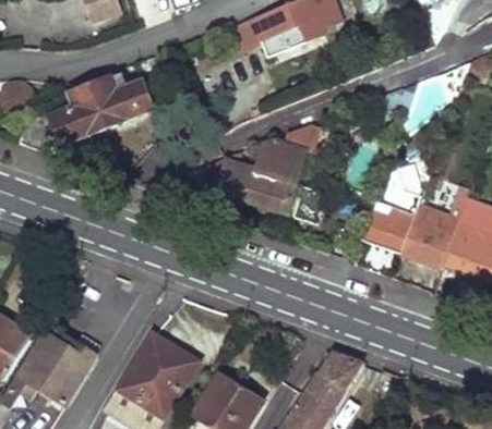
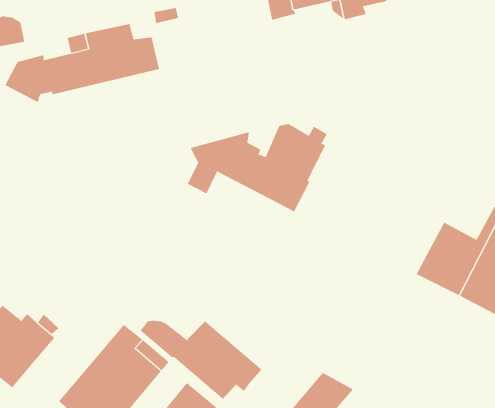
building: [364,157,423,253] -> none
building: none -> [140,320,262,400]

